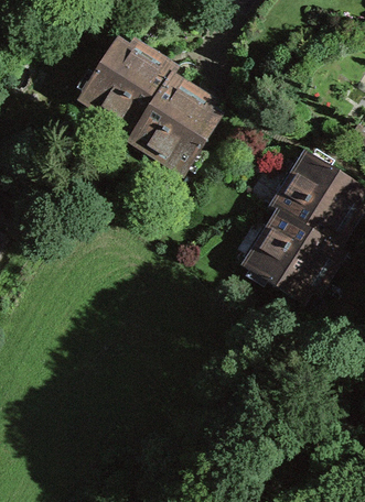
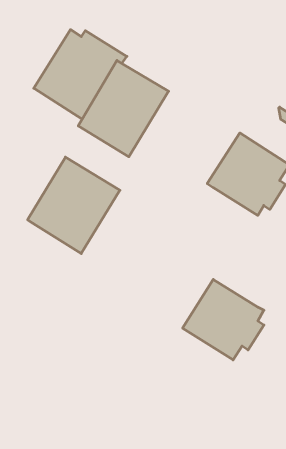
building: none -> [28,157,120,254]
building: [239,209,330,298] -> [183,279,264,360]

